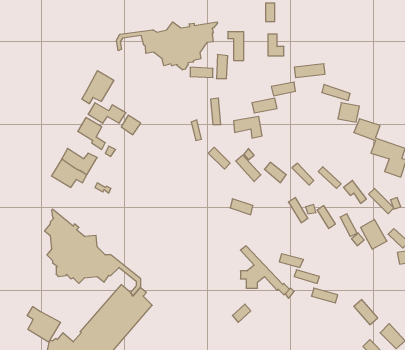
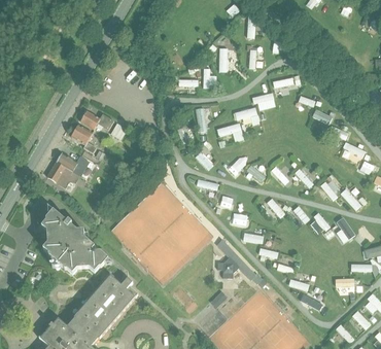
building: [116,22,217,70] -> none
building: [82,71,114,104] -> none
building: [27,307,60,342] -> none

